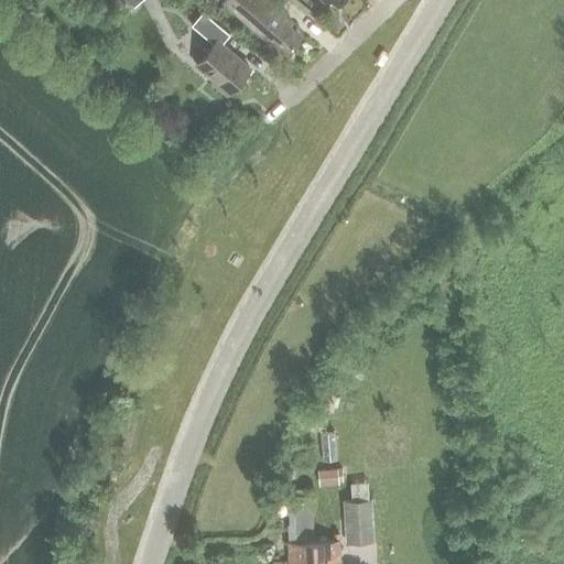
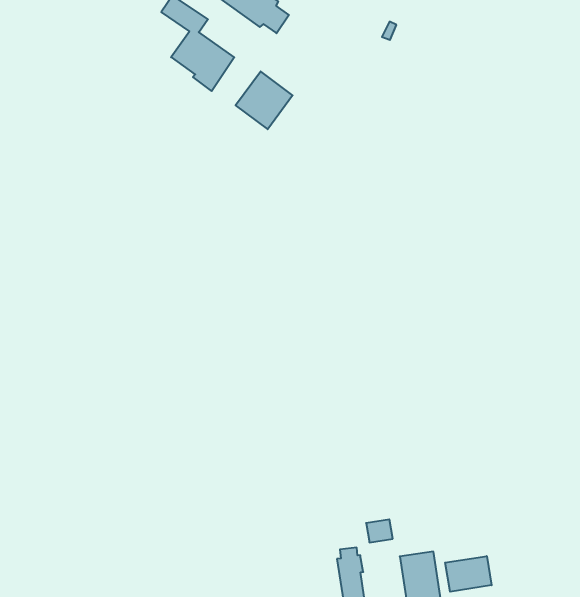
building: none -> [236,71,293,129]
building: none -> [445,556,492,592]

